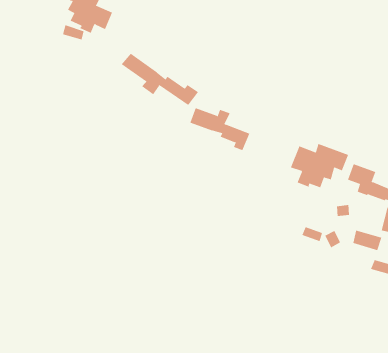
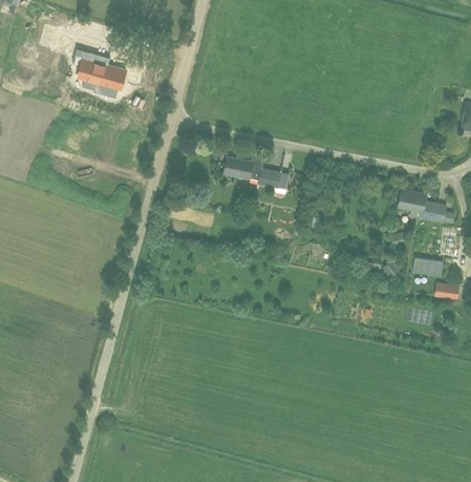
building: [121,53,199,106] -> none
building: [290,143,349,188] -> none

